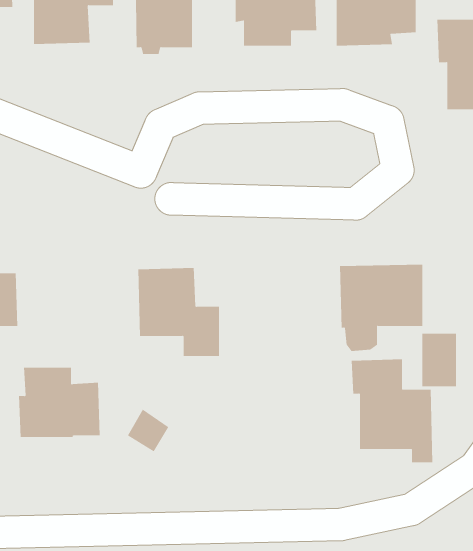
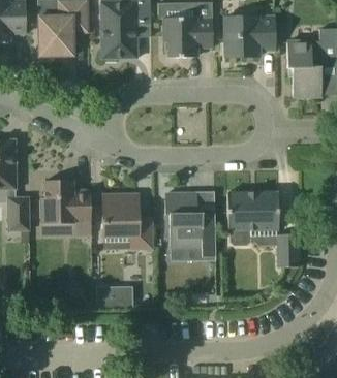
building: [351,359,433,463] -> [164,193,215,257]
building: [18,367,100,438] -> [40,181,91,224]

